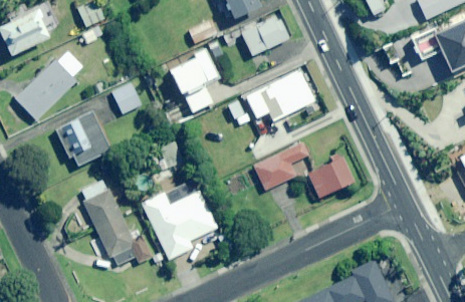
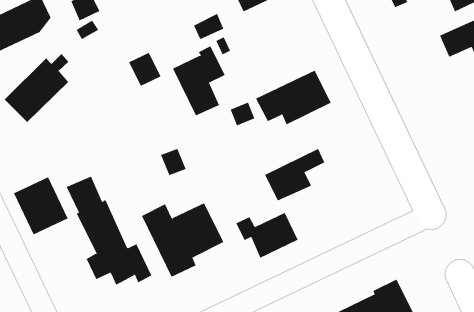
building: [241,13,293,55] -> none
building: [111,83,142,114] -> [128,52,161,87]
building: [61,112,111,166] -> [13,177,69,235]
building: [296,157,354,199] -> [235,212,298,259]

